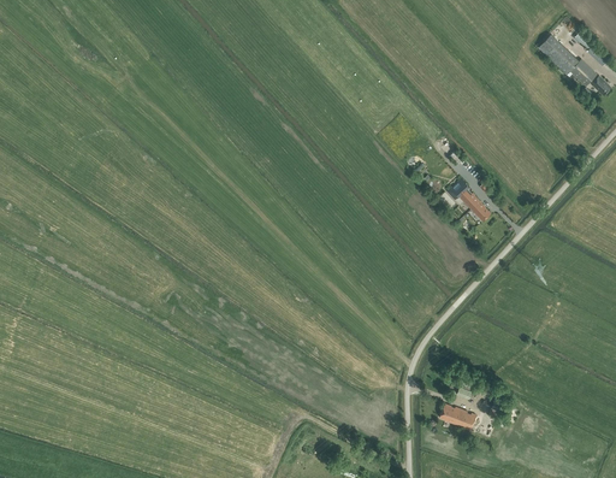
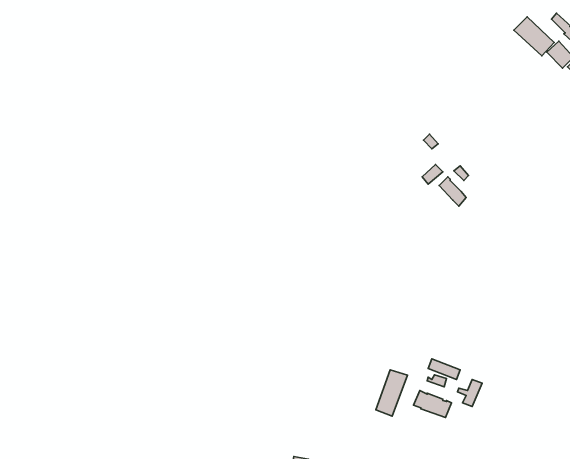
building: none -> [376,370,407,416]

